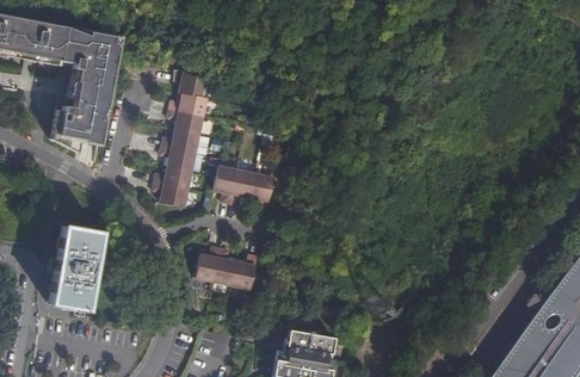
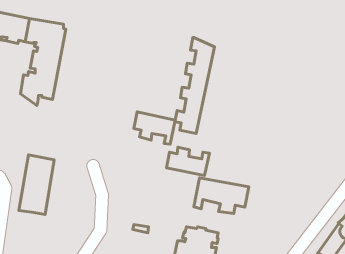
building: [155,72,212,210] -> [175,38,214,134]
building: [198,247,260,288] -> [166,147,209,175]
building: none -> [194,178,249,213]

